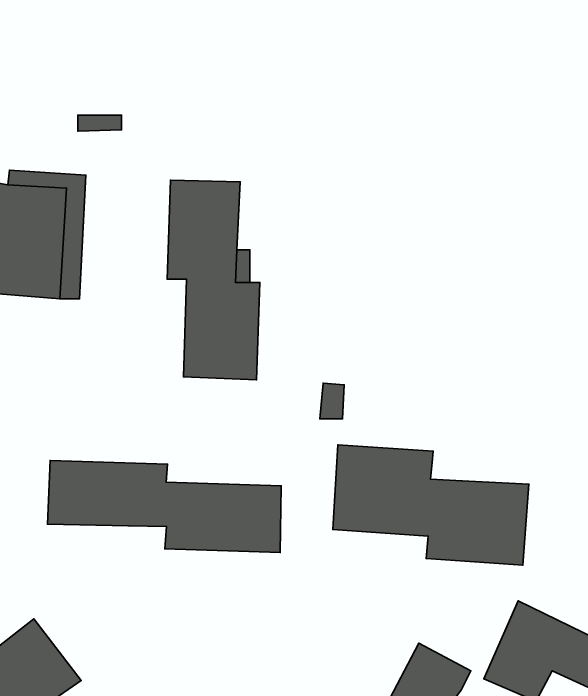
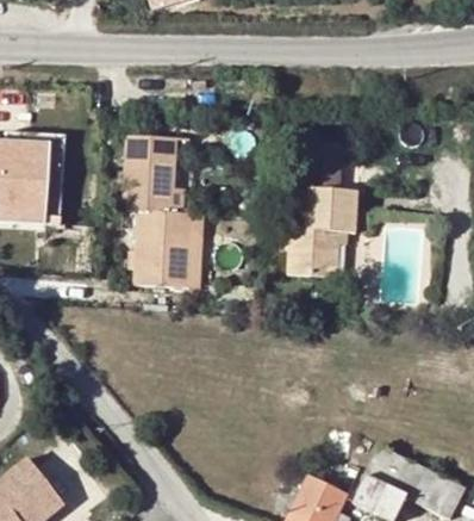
building: none -> [291,143,358,278]
building: [333,445,529,565] -> none
building: [47,460,281,553] -> none

